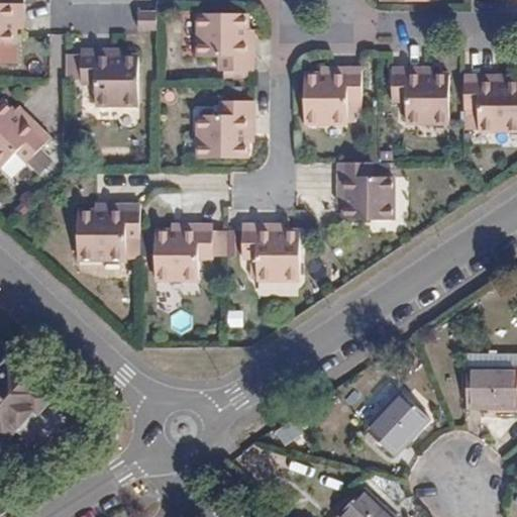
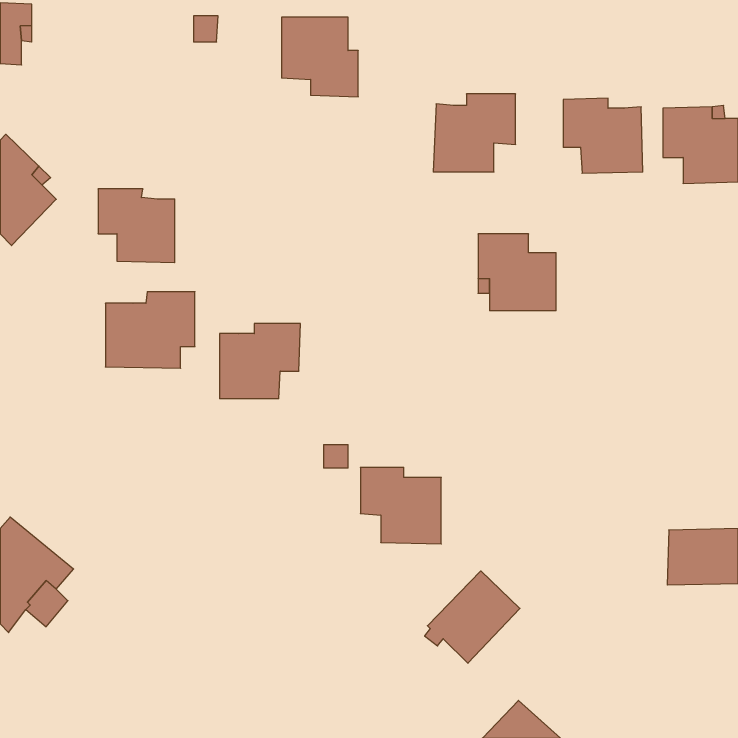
building: [81,50,134,102] -> [98,189,175,263]
building: [196,104,250,159] -> none
building: [236,226,293,280] -> [360,467,441,544]
building: [365,393,431,457] -> [425,571,520,663]

